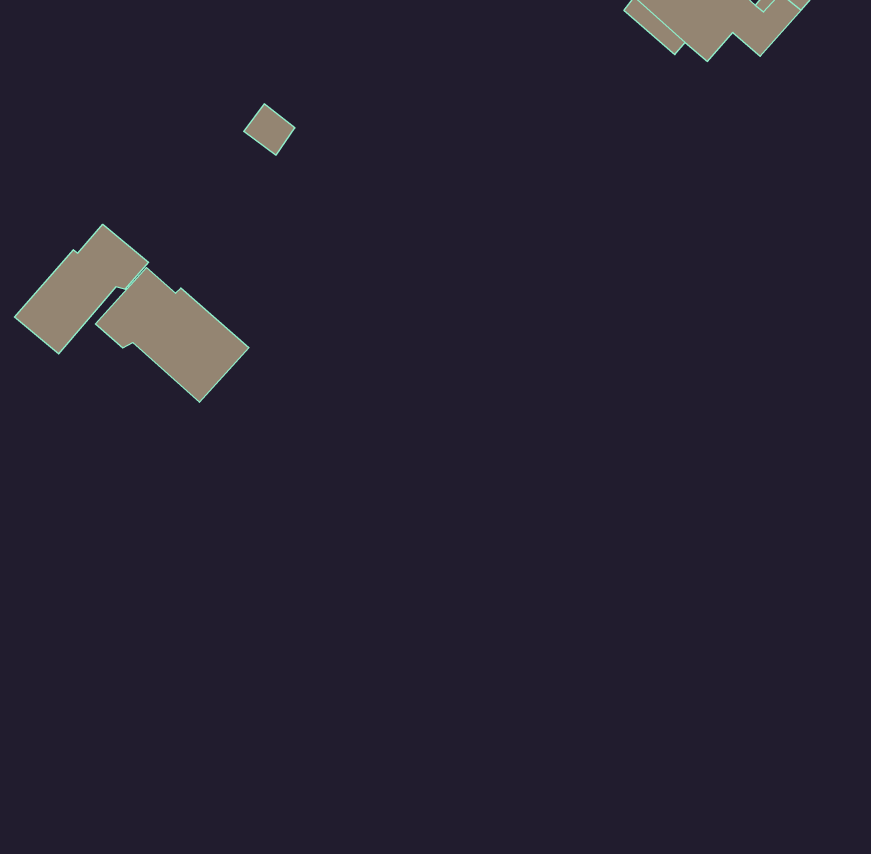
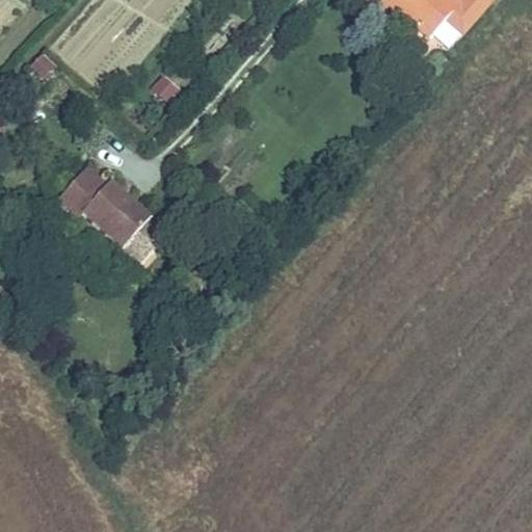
building: [14,224,149,354] -> none

